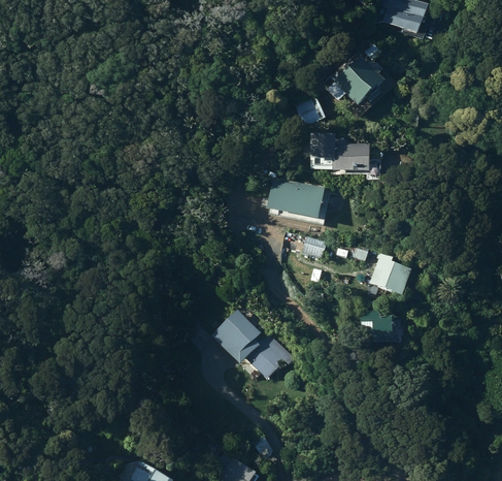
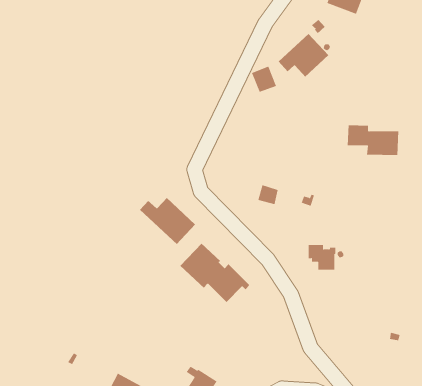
building: [309,138,370,174] -> [347,125,399,156]
building: [265,179,324,224] -> none
building: none -> [139,197,196,245]
building: [369,252,411,295] -> none

